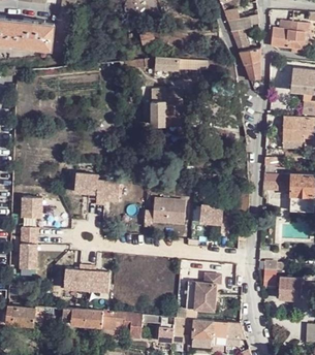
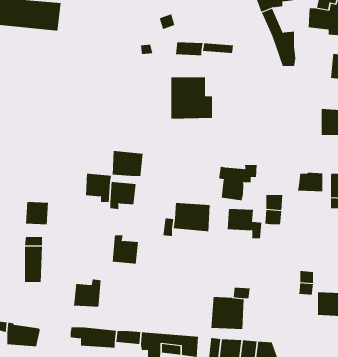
building: none -> [112,150,143,177]
building: none -> [219,164,257,201]
building: [88,268,112,294] -> [112,235,139,264]

